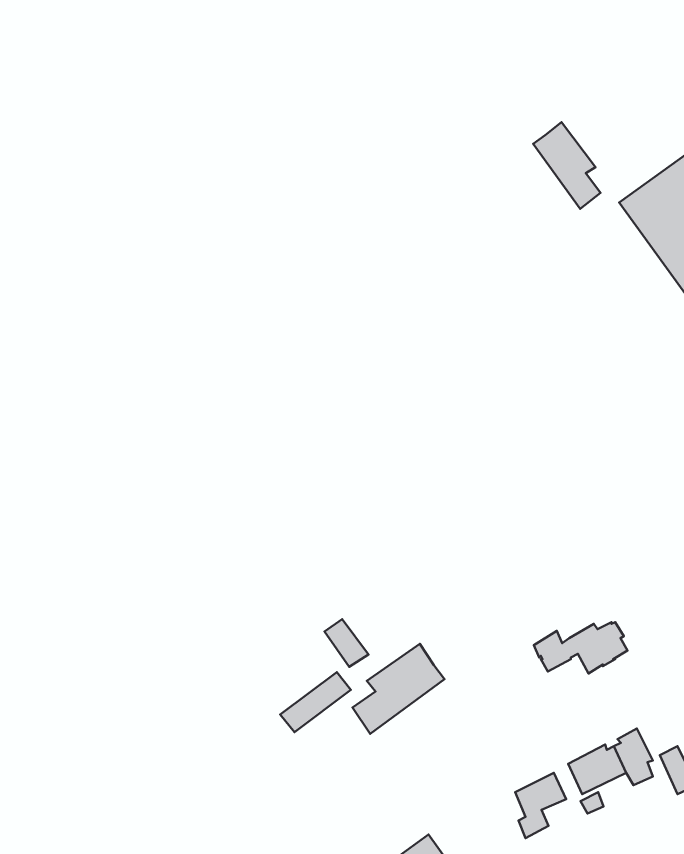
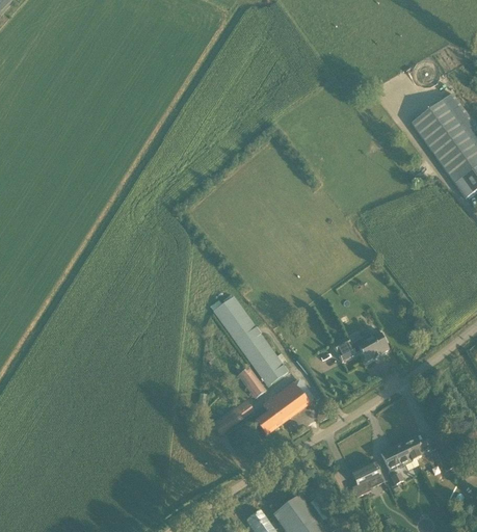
building: [533,122,601,209] -> none
building: none -> [212,296,286,385]
building: [534,622,627,673] -> [333,331,388,362]

